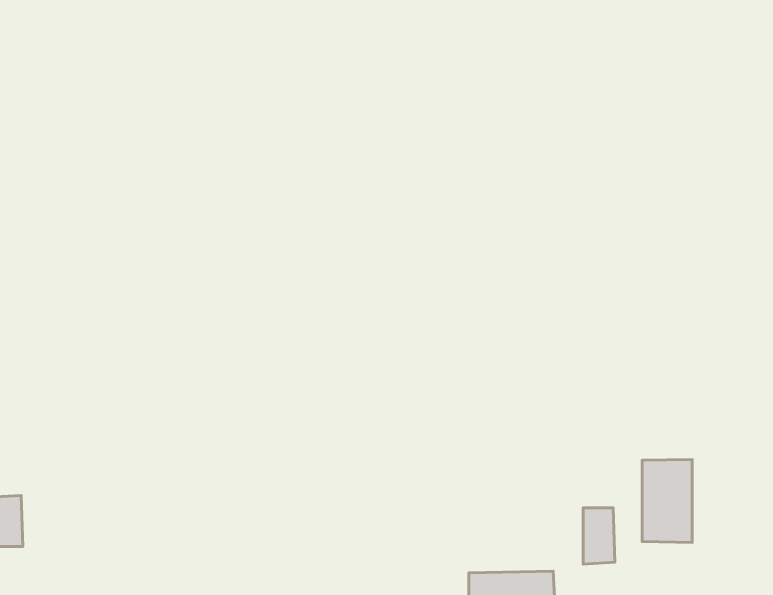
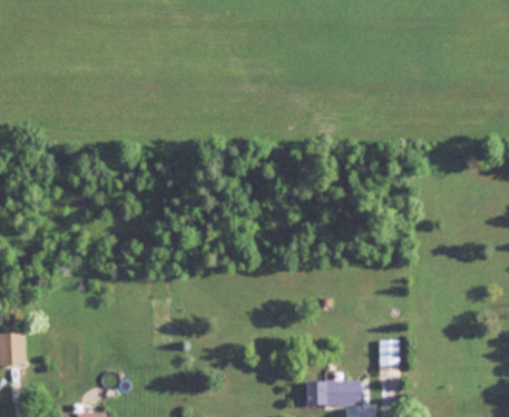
building: [642,460,692,542] -> none

